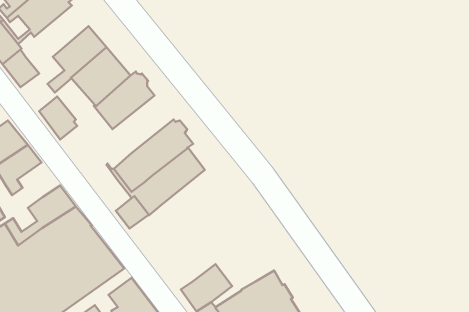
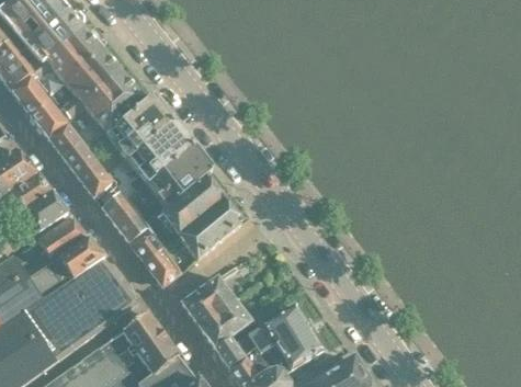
building: none -> [27,27,101,81]
building: none -> [30,99,68,138]
building: none -> [126,122,190,182]
building: none -> [71,153,112,196]
building: none -> [102,191,146,242]
building: none -> [26,192,67,230]
building: none -> [178,200,240,259]
building: none -> [144,247,182,284]
building: none -> [182,276,234,325]

